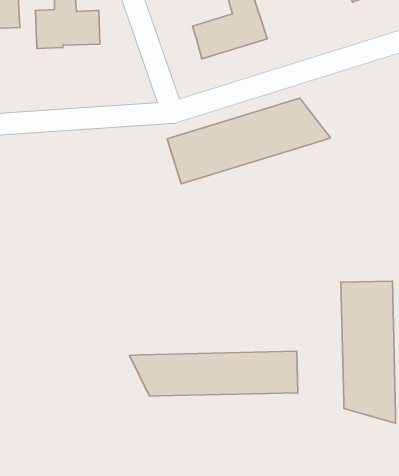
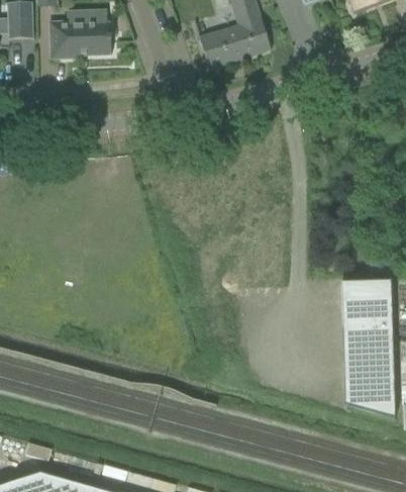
building: [167,98,330,184] -> none
building: [130,351,298,396] -> none

